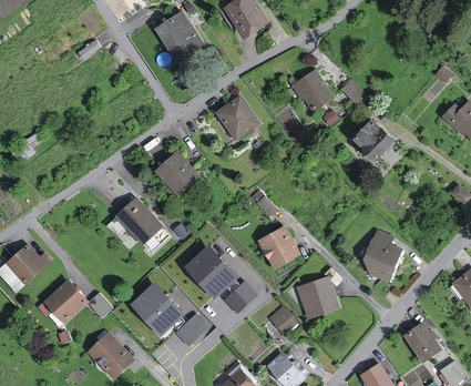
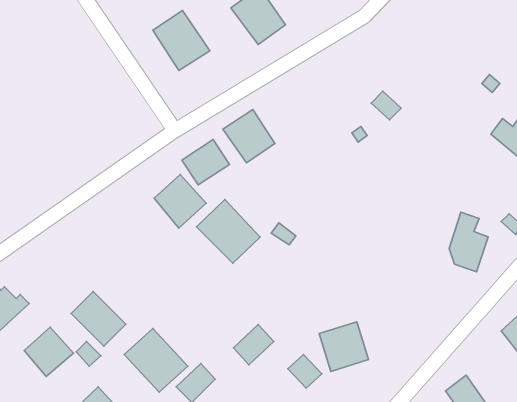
building: [291,70,332,109] -> none
building: [355,119,397,160] -> none
building: none -> [182,140,230,185]
building: [116,199,163,245] -> [71,291,126,346]
building: [258,225,300,267] -> none
building: [367,230,400,281] -> [449,212,488,272]
building: [185,243,239,297] -> [196,199,260,263]

